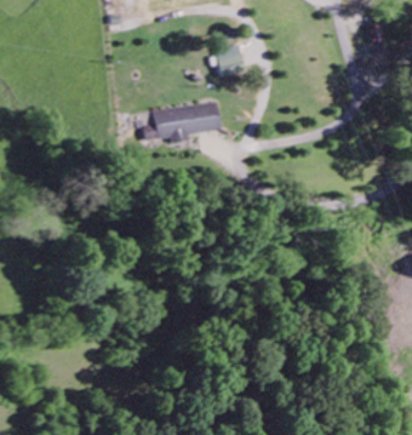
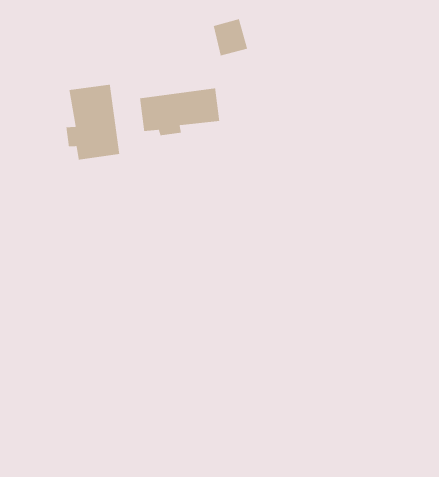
building: none -> [65,84,120,160]

